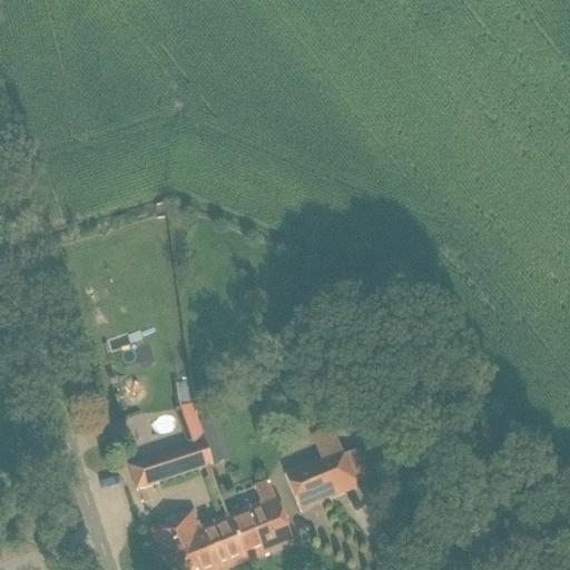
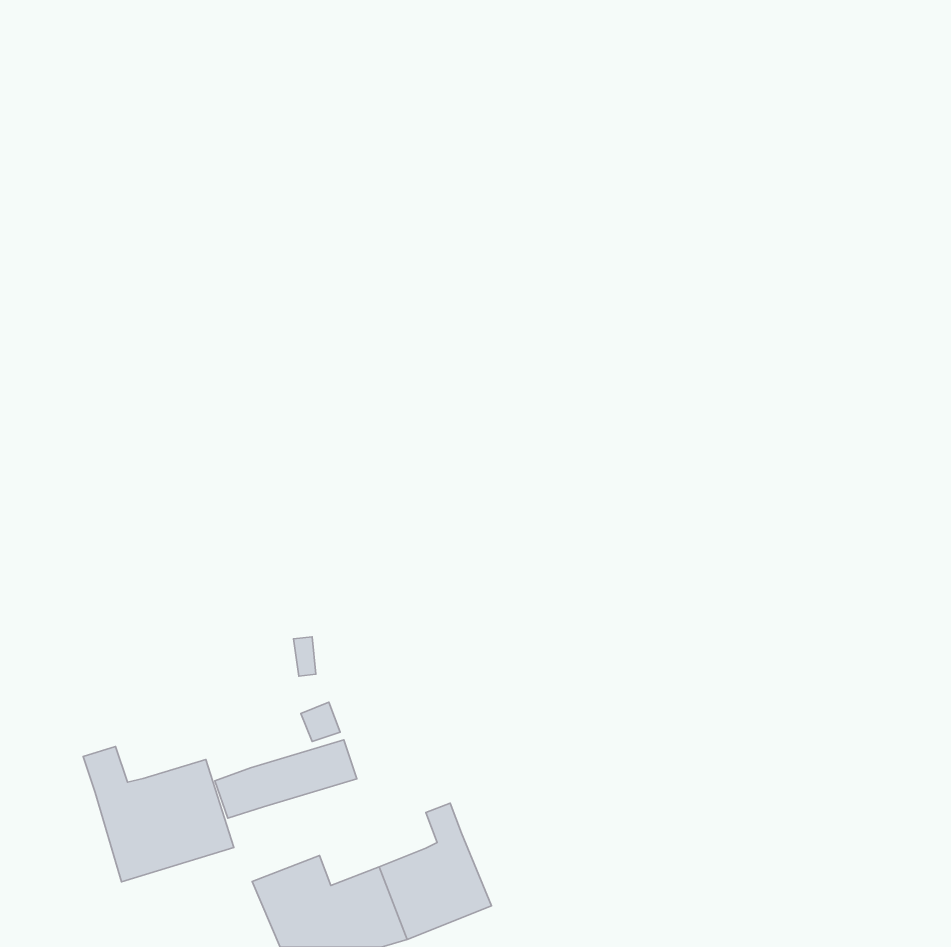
building: [286,426,358,510] -> none
building: none -> [83,746,234,882]

